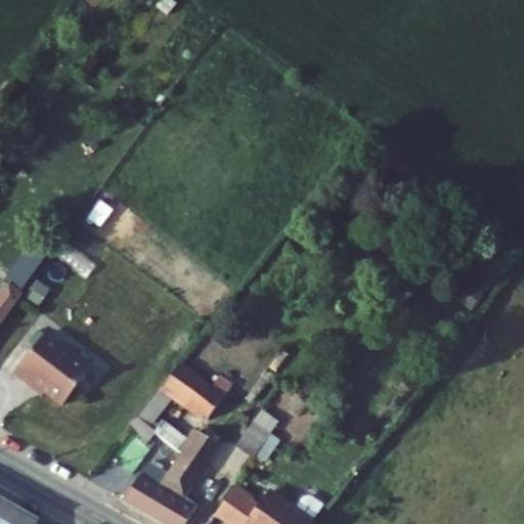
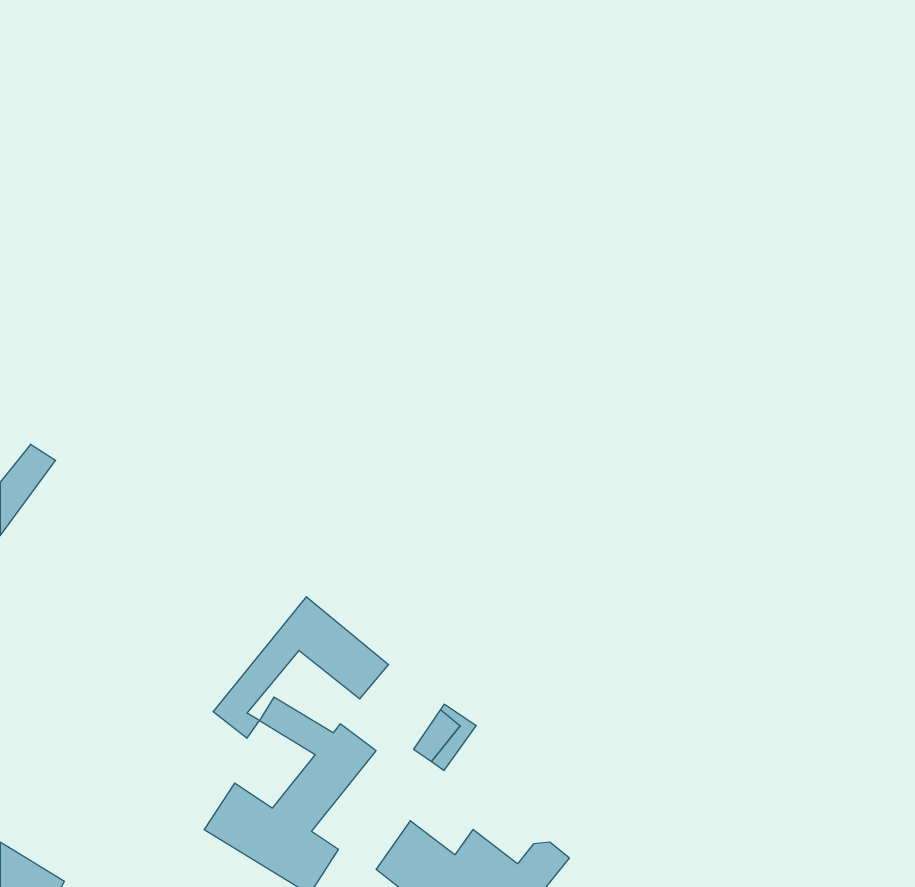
building: [20,323,97,394] -> none

